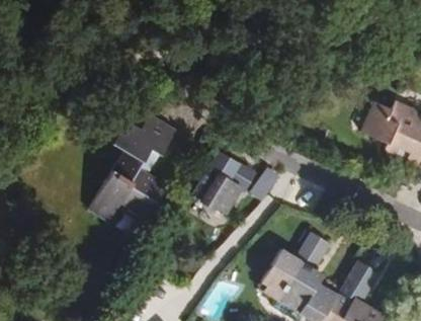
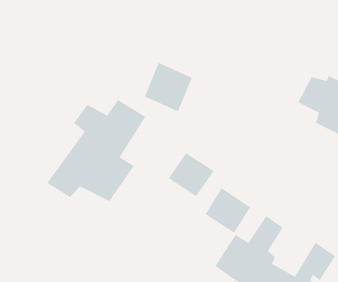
building: none -> [144,62,193,112]
building: none -> [205,188,251,234]

